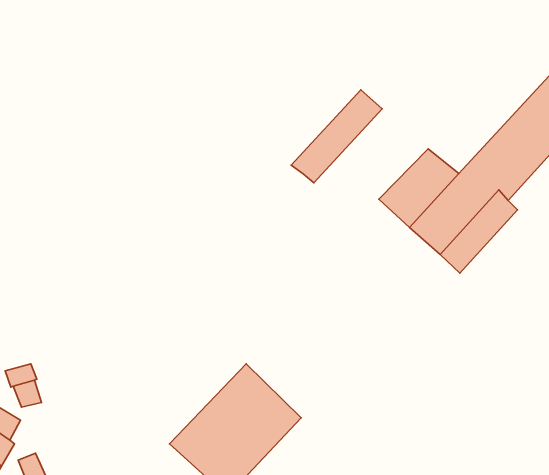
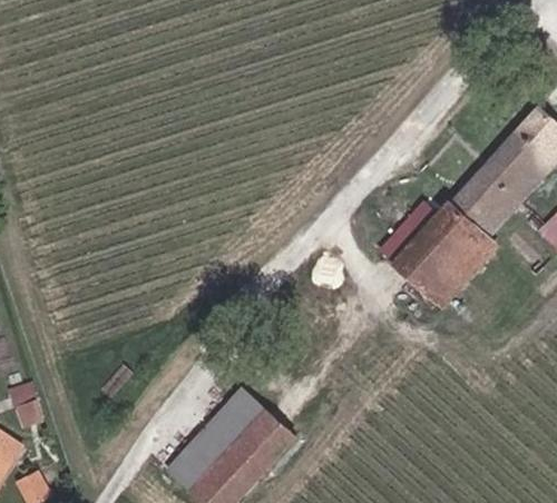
building: [291,90,382,183] -> none

